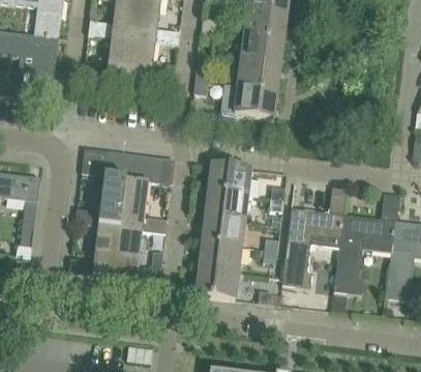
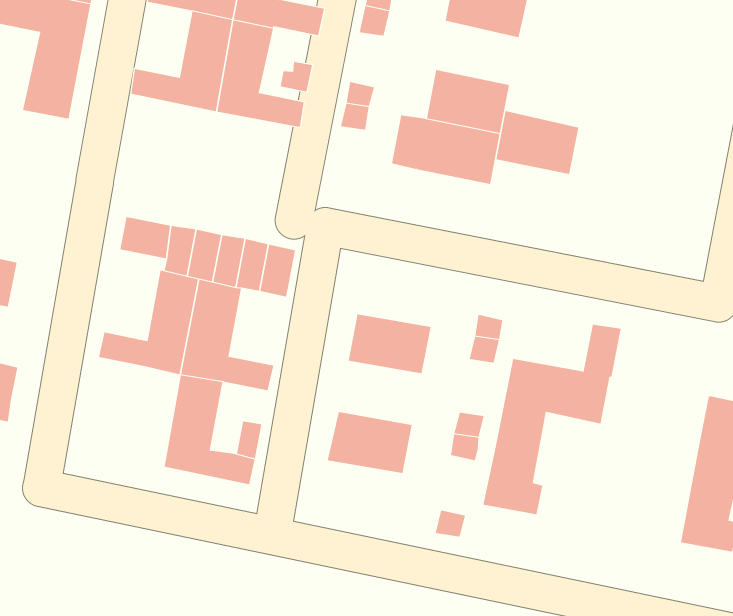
building: [240,35,282,66] -> [496,111,579,175]
building: [208,165,250,196] -> none
building: [332,195,398,296] -> none
building: [202,217,244,248] -> none
building: [68,227,118,279] -> none
building: [194,269,238,301] -> none

